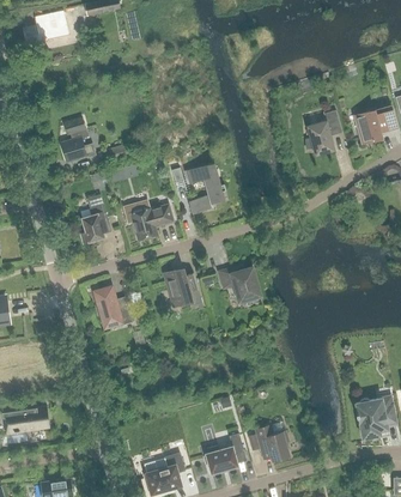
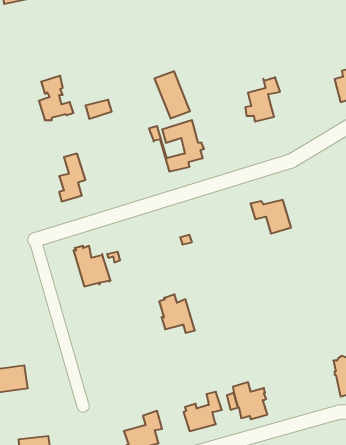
building: [305,110,340,154] -> [245,77,280,122]
building: none -> [155,71,190,119]
building: [130,204,174,241] -> none
building: [166,267,202,305] -> [159,294,195,333]
building: [219,268,260,302] -> [250,200,291,233]

